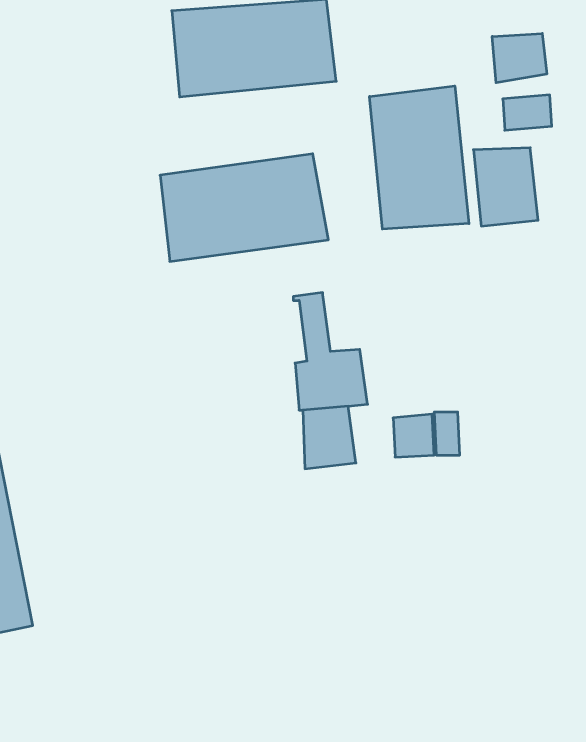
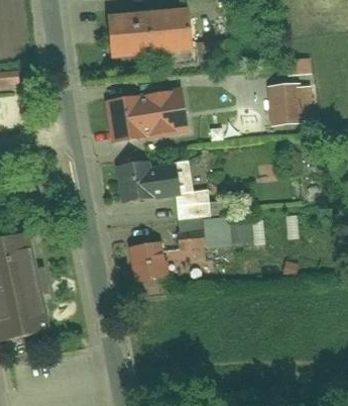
building: [492,33,547,83] -> none
building: [370,86,469,229] -> none
building: none -> [119,160,185,203]
building: none -> [132,241,170,281]

